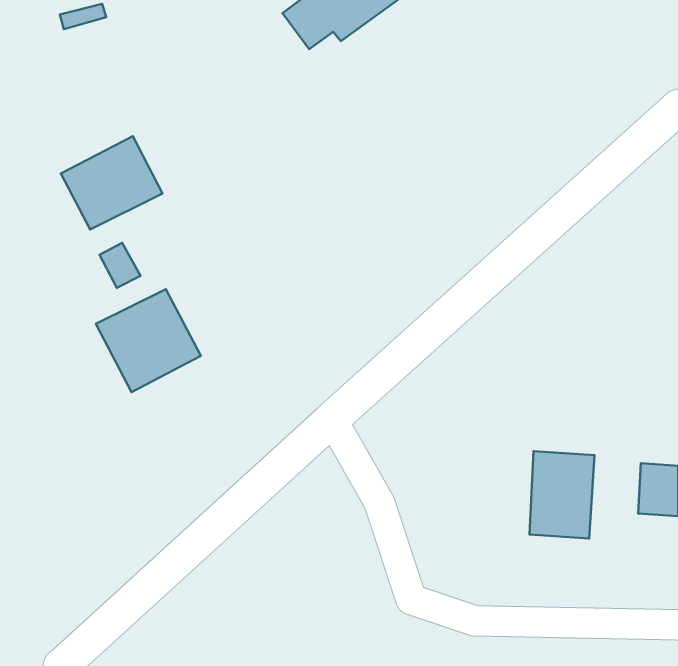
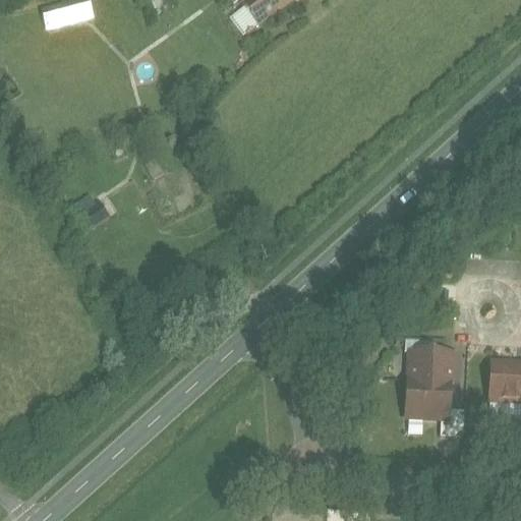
building: [61,136,163,230] -> none
building: [96,289,201,392] -> none

